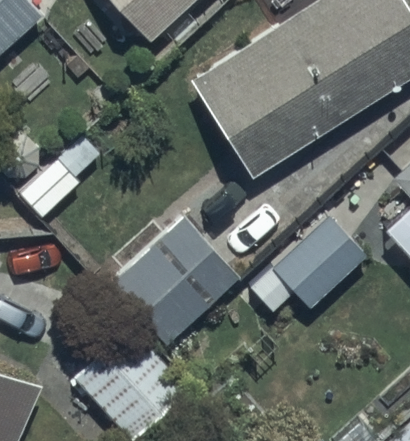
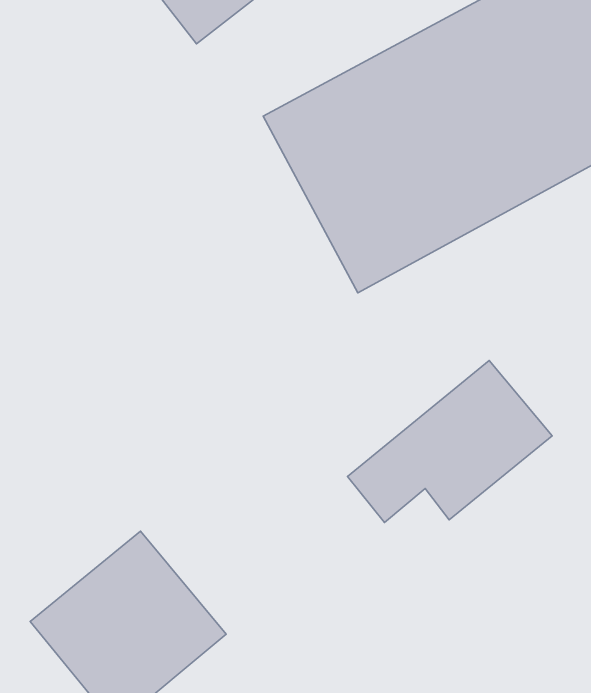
building: [110,214,241,344] -> none

